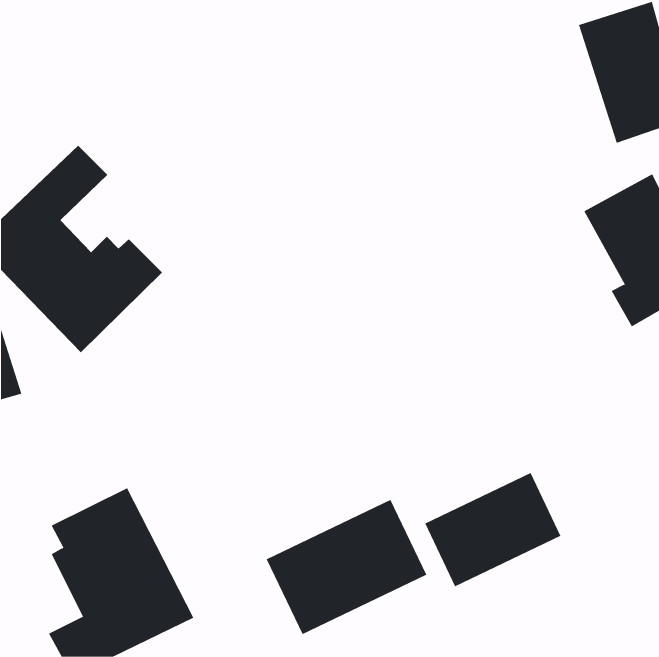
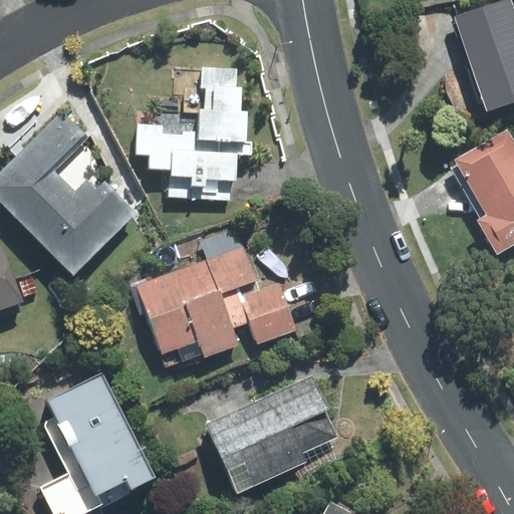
building: none -> [149,67,243,195]
building: none -> [138,245,296,367]
building: [424,472,561,587] -> none

